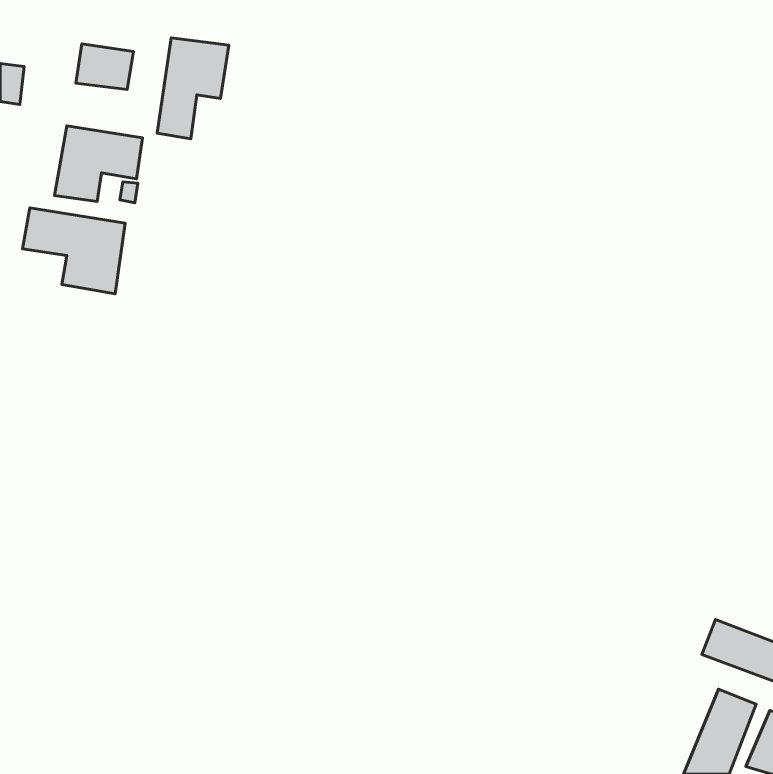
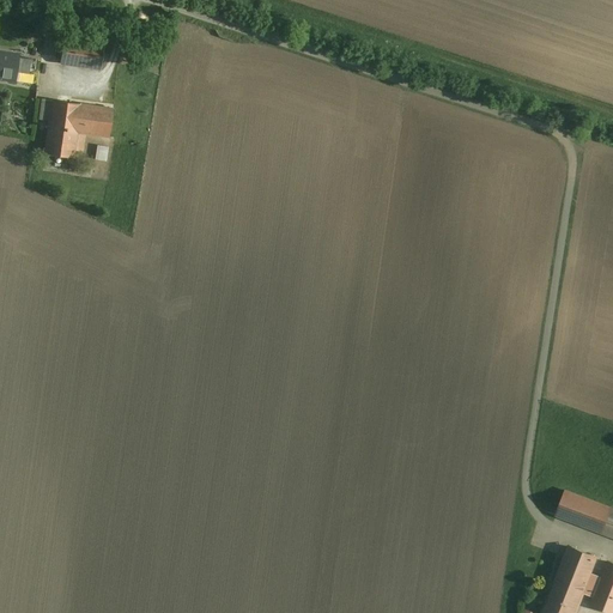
building: [157,38,229,139] -> none
building: [23,208,125,294] -> none

